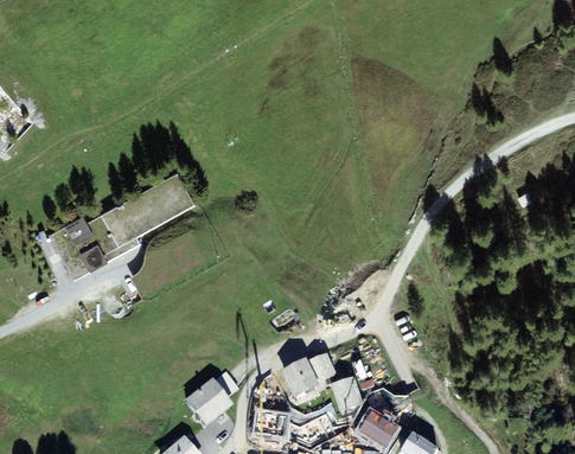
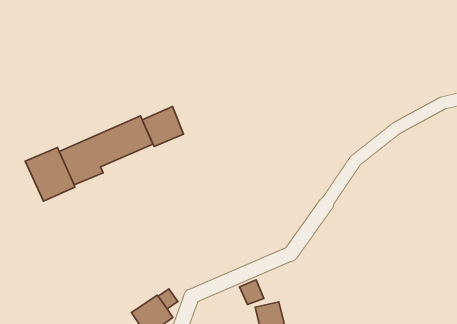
building: none -> [142,107,184,147]
building: [282,360,320,399] -> none

